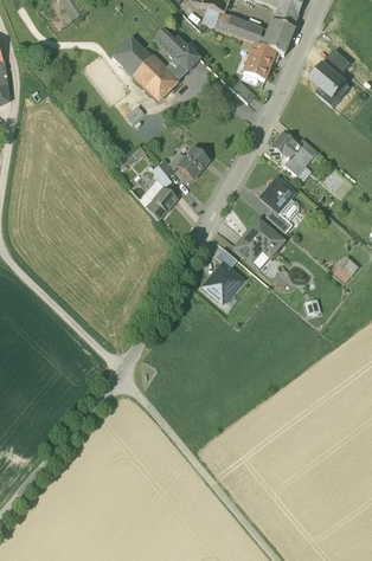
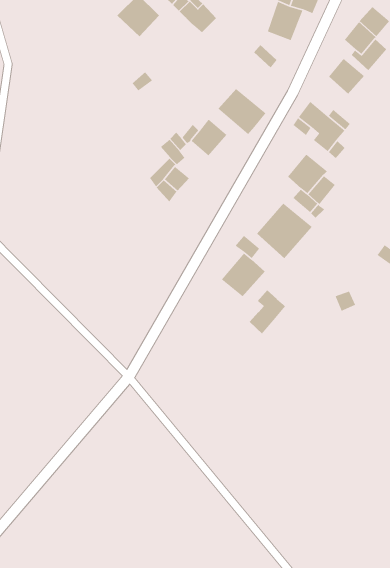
building: [132,56,177,101] -> none
building: none -> [328,58,365,94]
building: none -> [217,88,267,135]
building: none -> [249,289,286,335]

